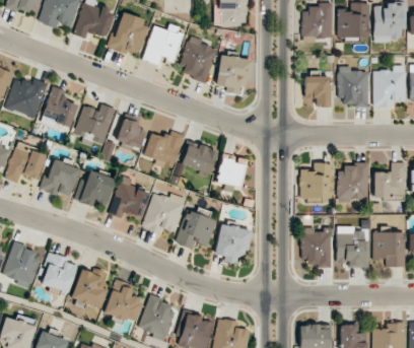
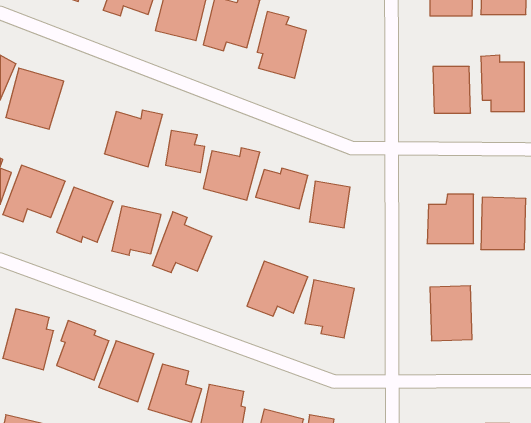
building: [216,55,250,94] -> none
building: [43,86,78,130] -> none
building: [142,193,186,233] -> none
building: [337,226,368,267] -> none

